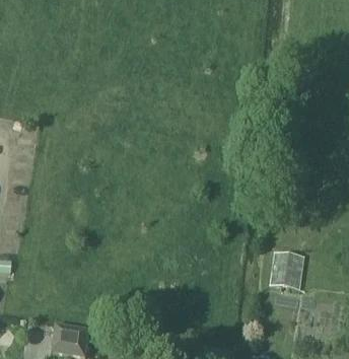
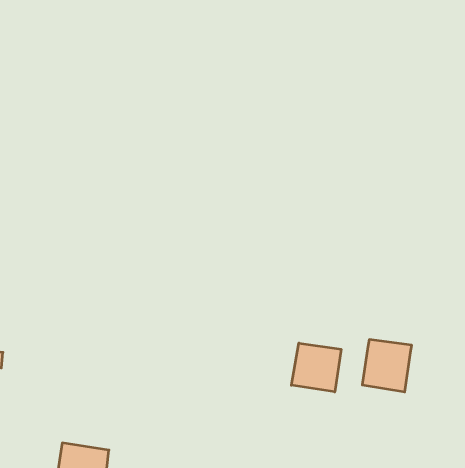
building: none -> [291,343,341,392]

